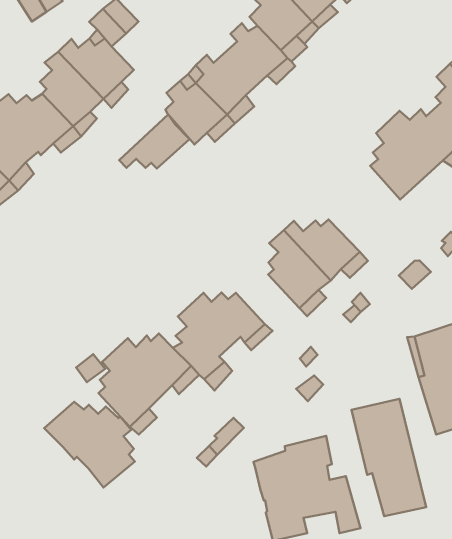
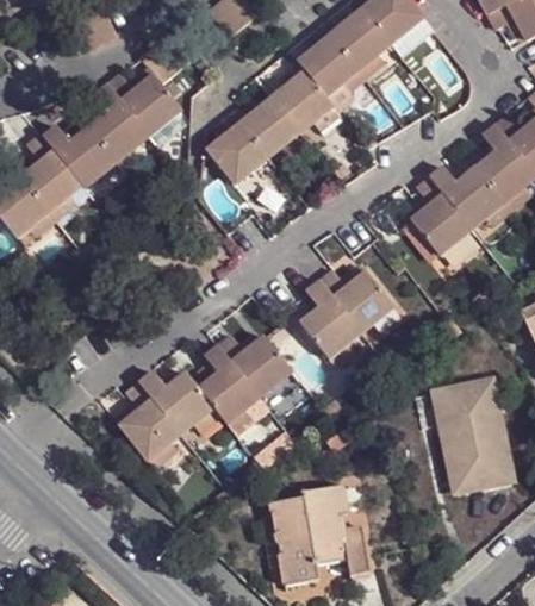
building: [119,115,189,168] -> none
building: [352,399,426,516] -> none
building: [44,402,135,487] -> none

